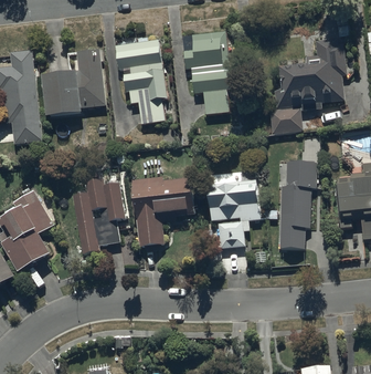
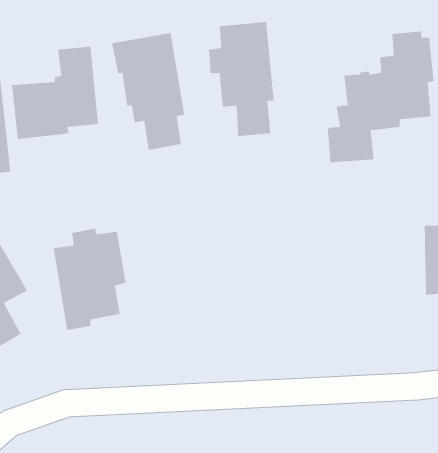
building: [279,162,317,250] -> none
building: [133,175,195,250] -> none
building: [208,179,259,249] -> none

